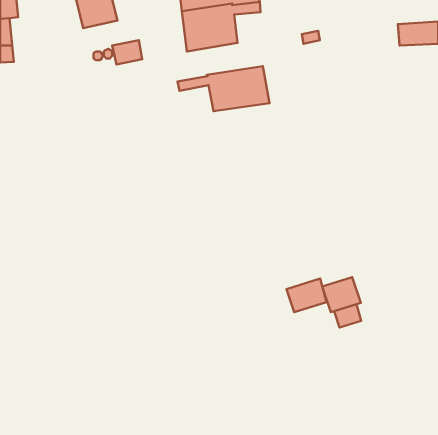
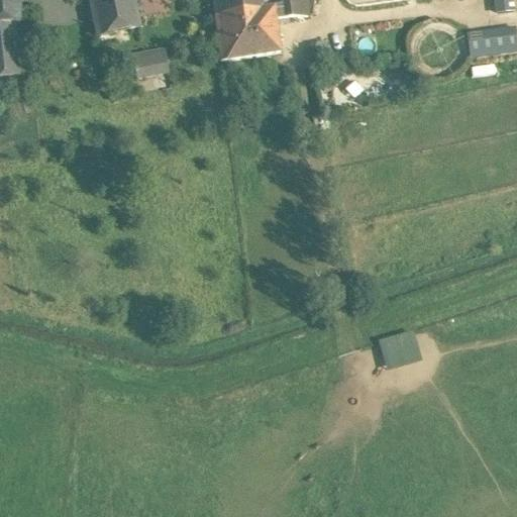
building: [177,66,270,111] -> none
building: [287,279,327,312] -> none
building: [334,304,361,328] -> none

